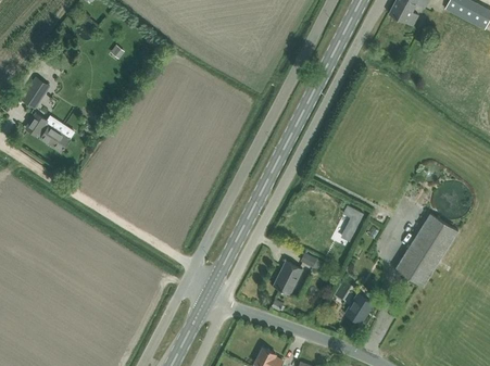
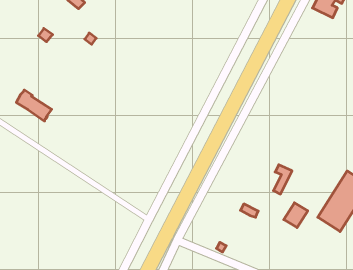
building: [22,77,50,109] -> none
building: [274,261,303,294] -> none
building: [344,293,374,324] -> [284,203,308,228]

